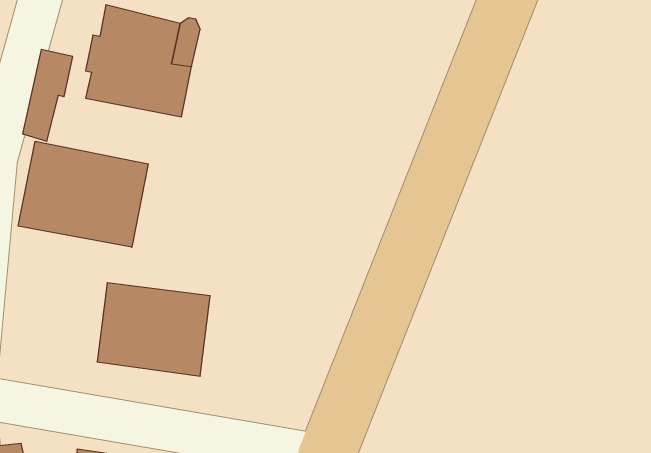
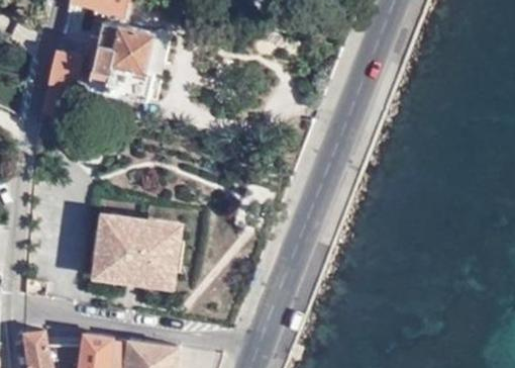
building: [18,141,148,247] -> none

